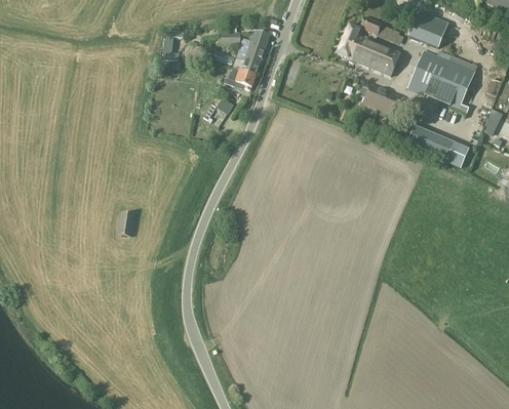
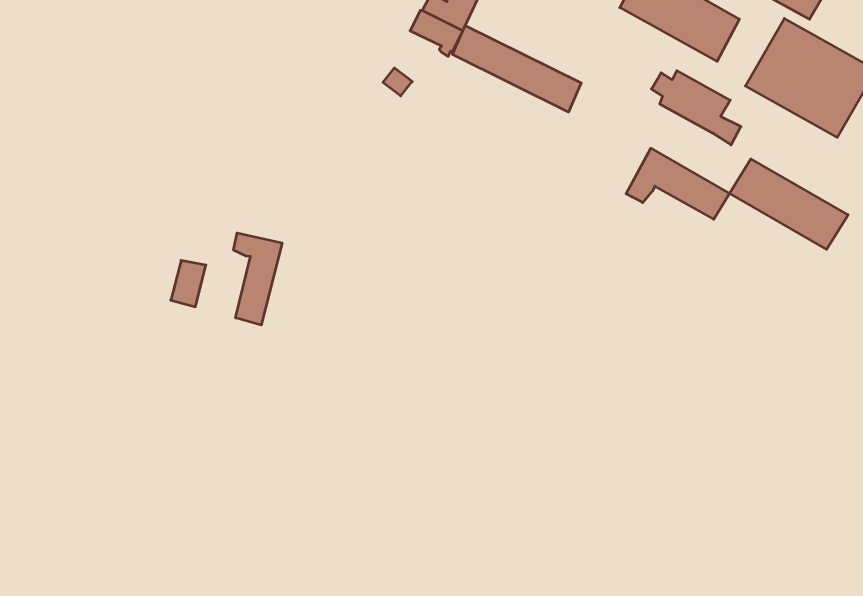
building: none -> [453,25,581,112]
building: none -> [626,148,729,219]
building: none -> [234,233,282,325]

